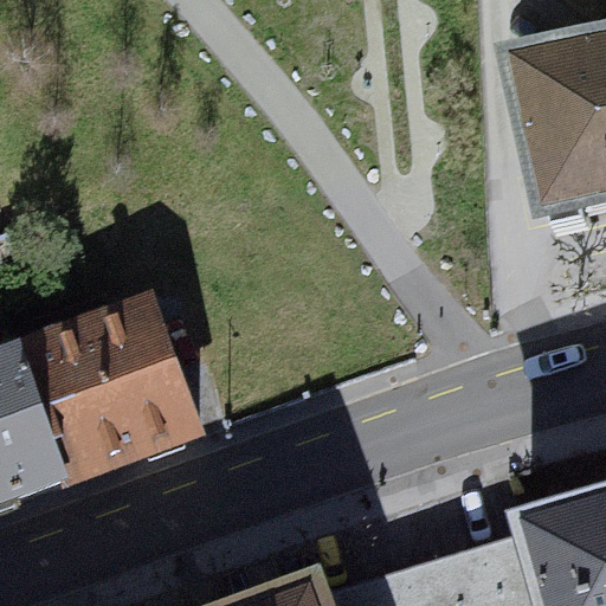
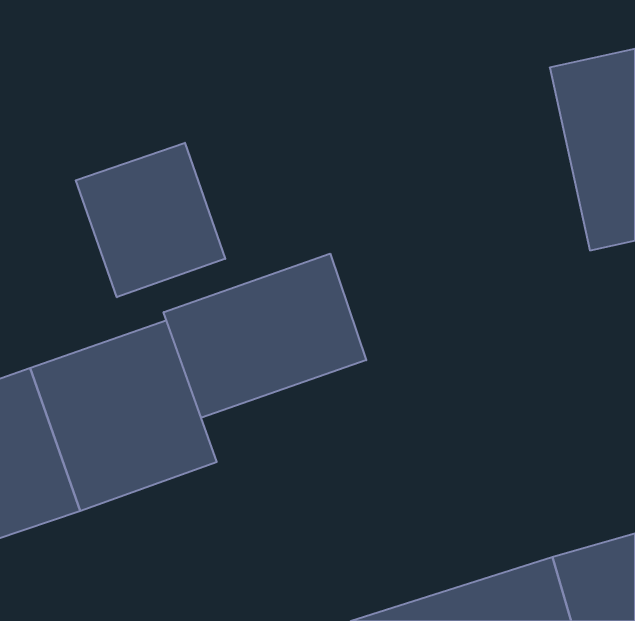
building: none -> [76,143,225,297]
building: none -> [164,254,366,418]

